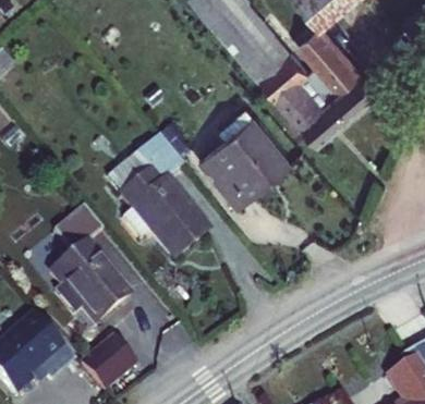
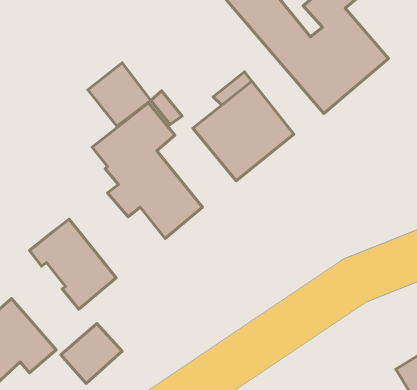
building: none -> [88,63,151,126]
building: [53,205,102,252] -> none

